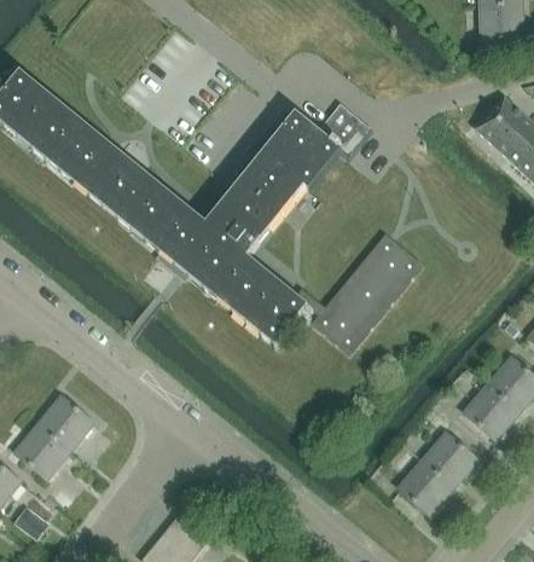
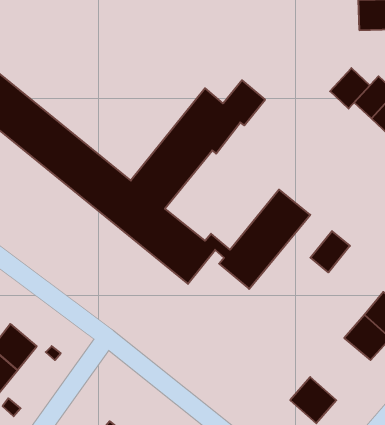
building: none -> [330,68,370,109]
building: none -> [310,231,350,272]
building: [423,431,477,486] -> none

